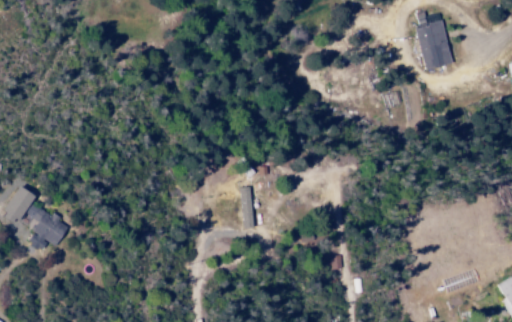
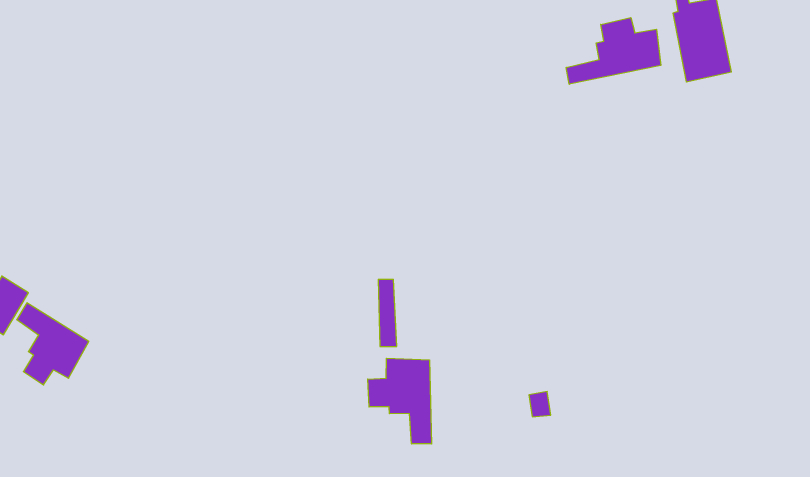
building: none -> [566,18,661,84]
building: none -> [368,358,432,444]

